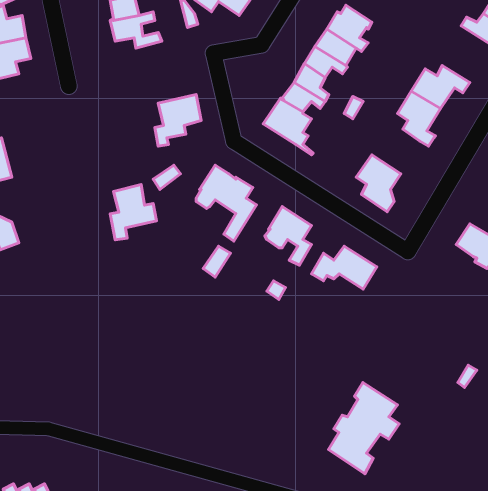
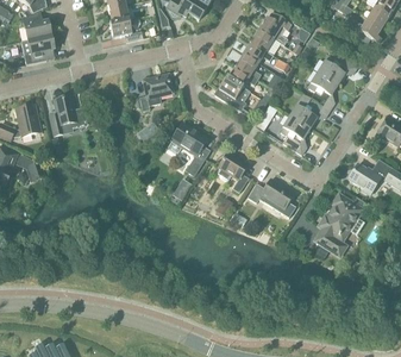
building: none -> [290,98,330,129]
building: [110,185,157,240] -> [51,95,83,133]
building: [329,382,399,474] -> [315,193,364,256]

